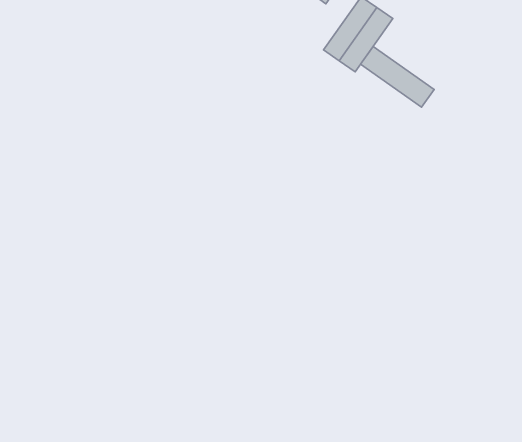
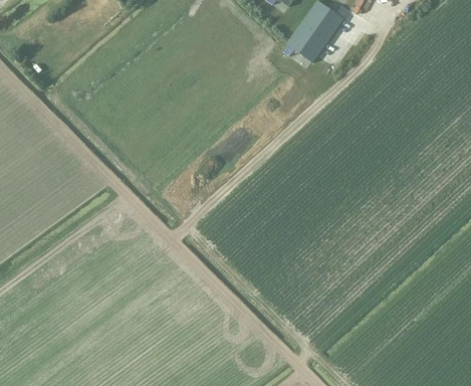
building: [360,47,434,107] -> none

